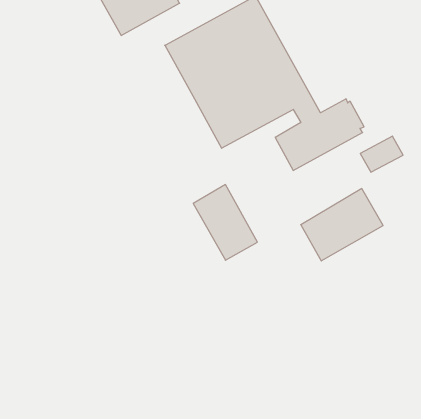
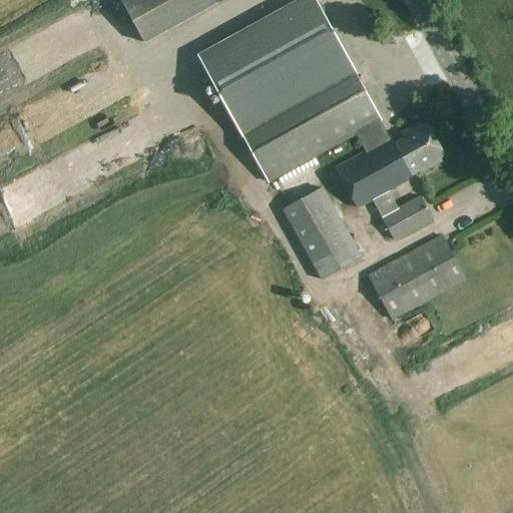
building: [360,136,403,172] -> [381,194,433,238]
building: [193,185,257,260] -> [282,185,360,278]

